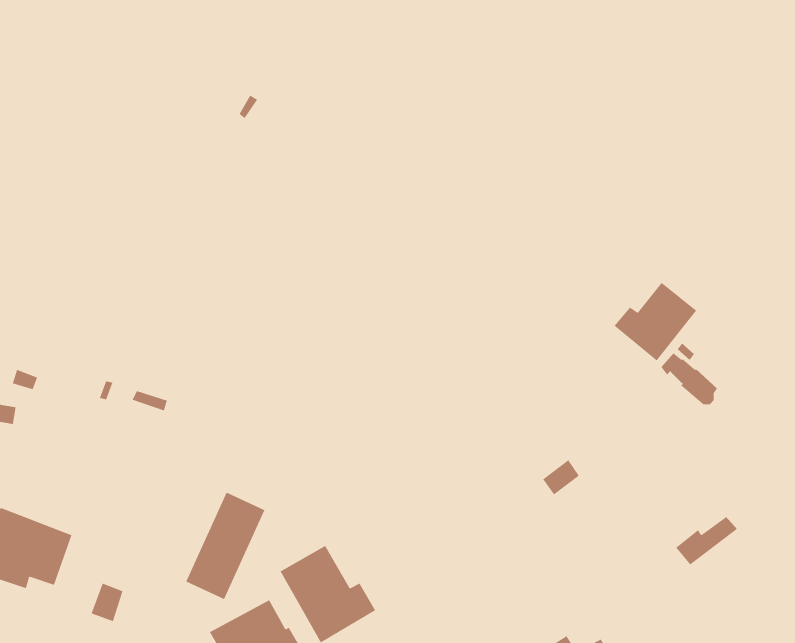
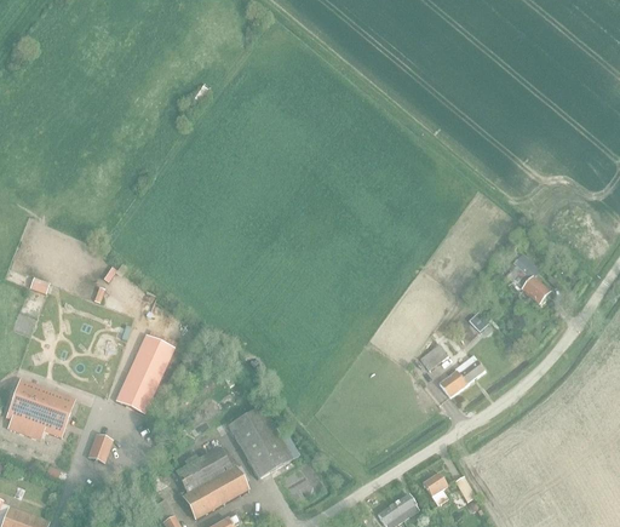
building: [614,282,697,361] -> none
building: [185,492,266,600] -> [115,333,174,413]
building: [675,516,738,565] -> [440,360,486,396]

